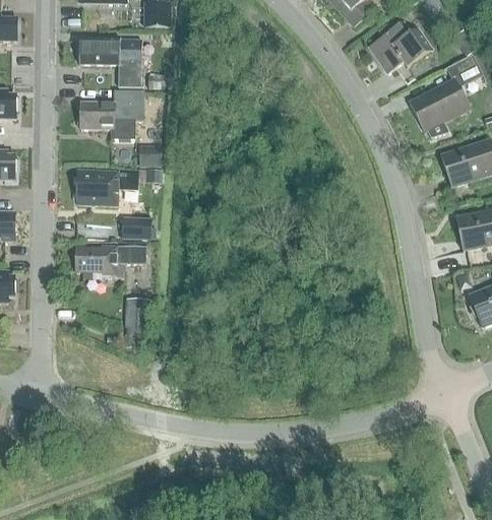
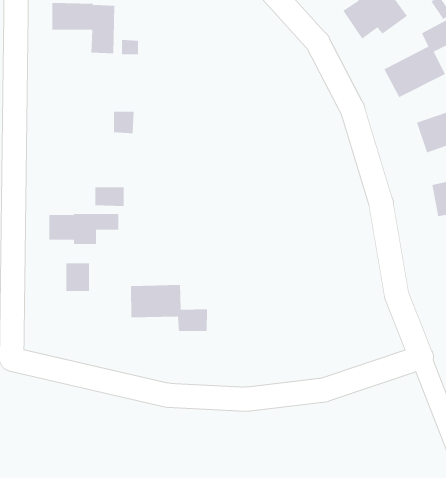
building: [77,90,143,139] -> none
building: [75,170,137,204] -> none
building: [124,298,148,326] -> [65,263,90,291]
building: none -> [131,284,207,332]

